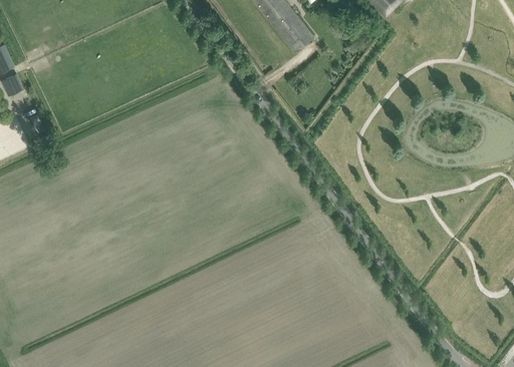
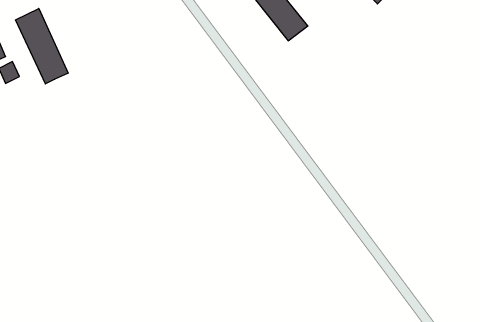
building: none -> [16,8,68,84]

